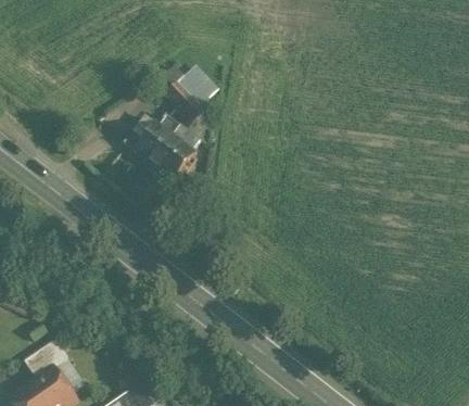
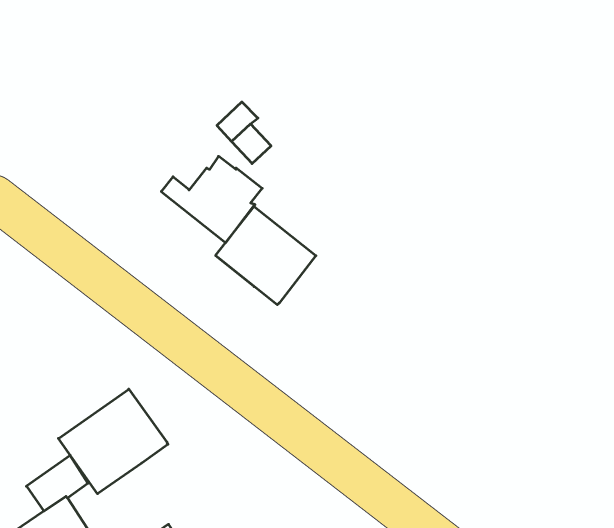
building: none -> [216,206,316,305]
building: none -> [58,389,168,494]

